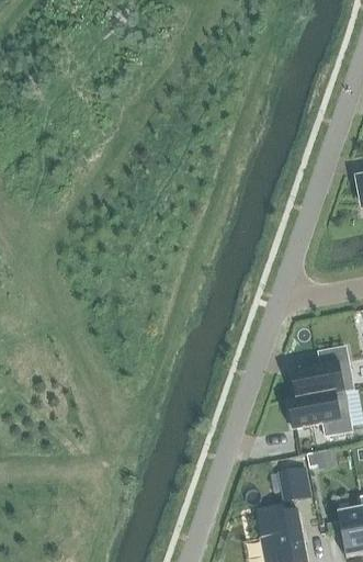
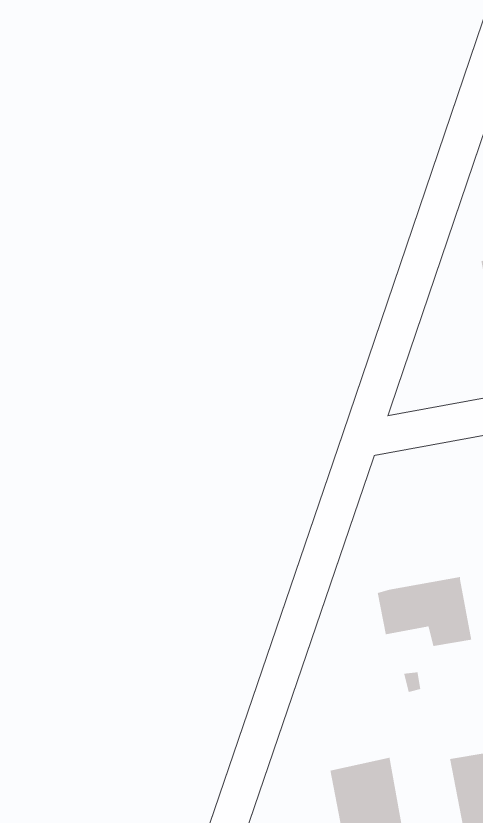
building: [292,346,353,396] -> none
building: [279,465,310,499] -> none

